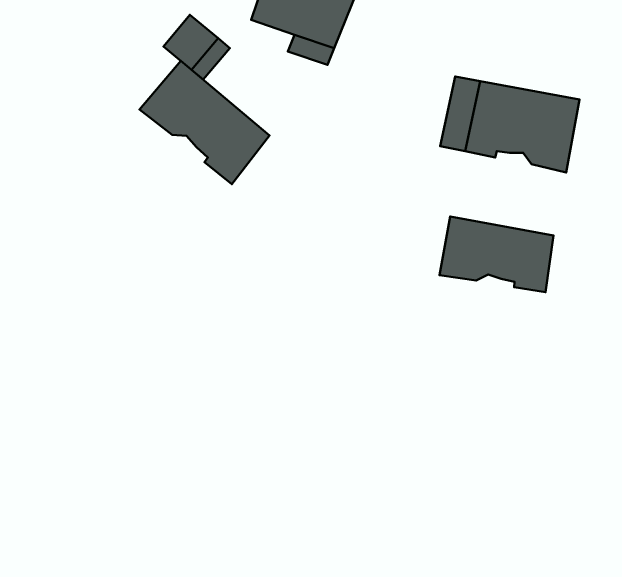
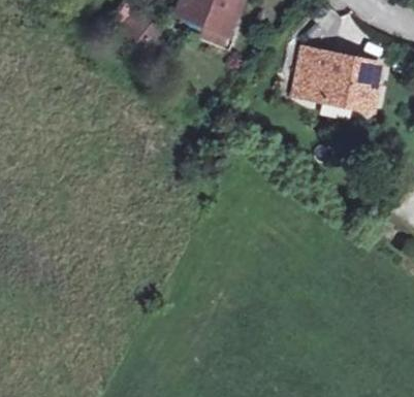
building: [140,61,270,184] -> none
building: [439,216,554,292] -> none

